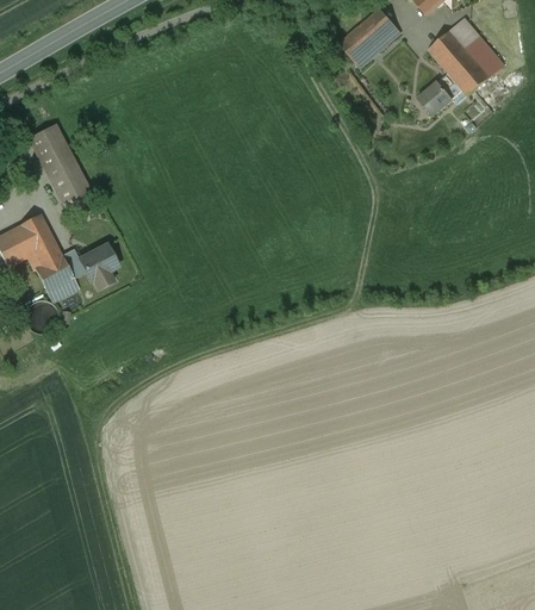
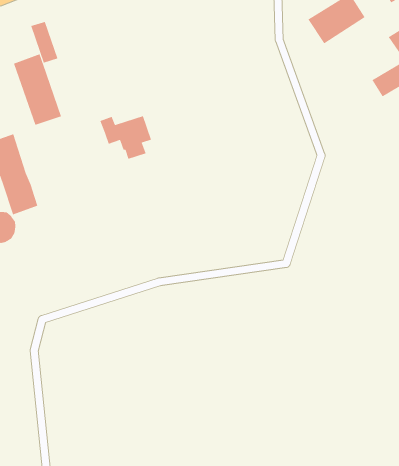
building: none -> [31,21,58,63]
building: [61,241,120,291] -> [99,115,152,160]

